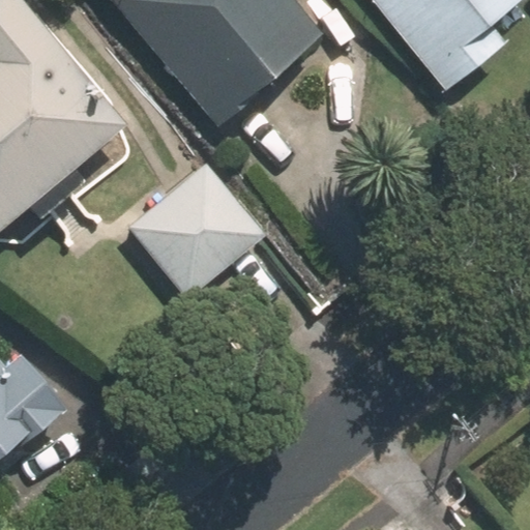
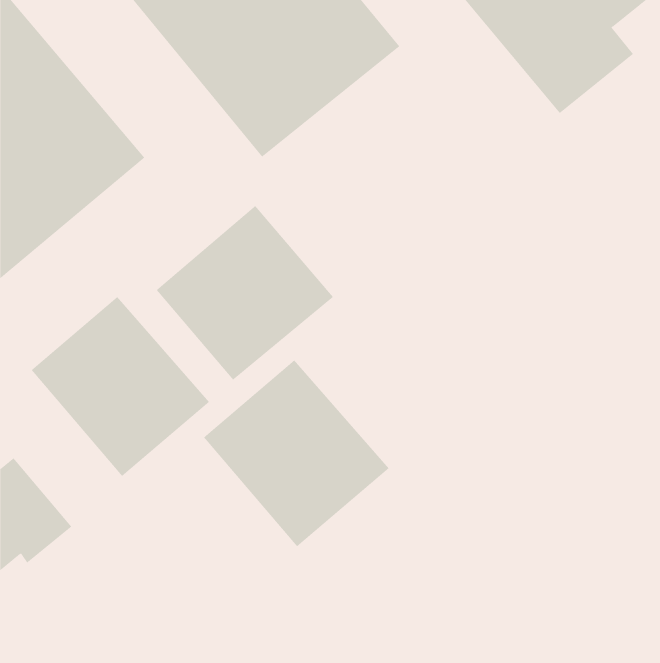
building: none -> [31,296,210,477]
building: none -> [203,359,390,547]

